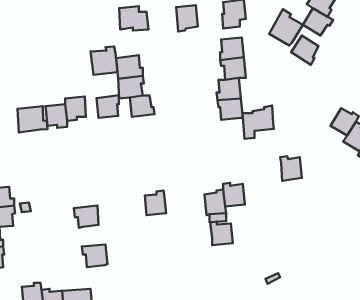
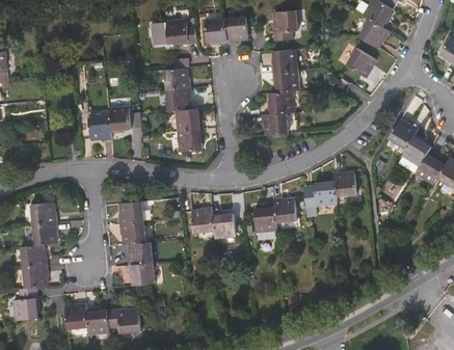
building: none -> [204,14,226,39]
building: [269,9,303,46] -> none
building: [91,46,118,75] -> none
building: [96,95,119,118] -> [178,127,202,151]
building: [243,105,274,139] -> [304,179,338,214]
building: [18,106,47,132] -> none
building: none -> [115,203,141,226]
building: [210,222,233,245] -> [212,214,236,239]
building: none -> [125,244,150,267]

